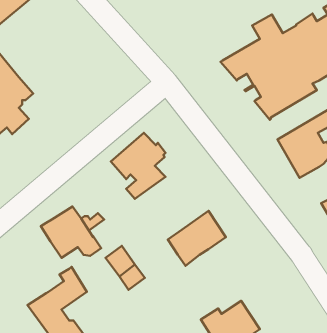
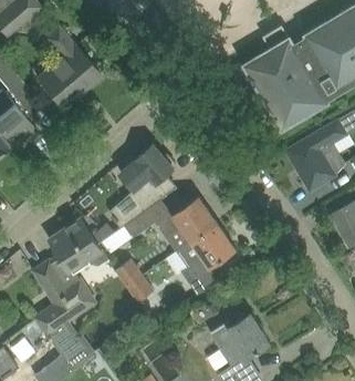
building: none -> [35,25,101,109]
building: none -> [123,196,218,253]
building: none -> [33,260,72,305]

